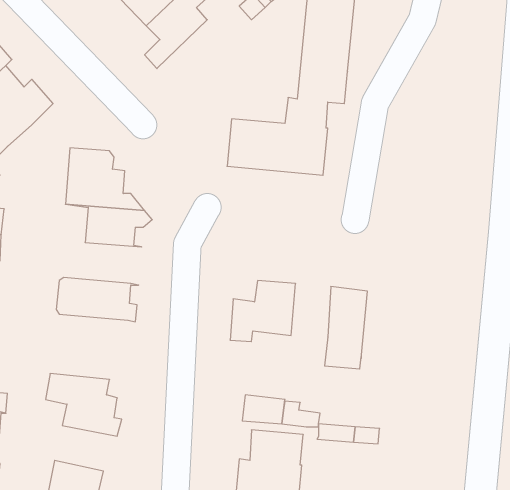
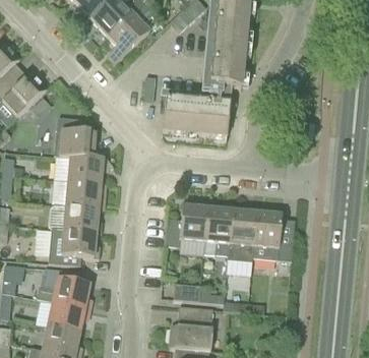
building: none -> [65,180,105,208]
building: none -> [204,207,231,262]
building: none -> [251,213,294,260]
building: none -> [47,228,99,265]
building: none -> [47,302,88,333]

